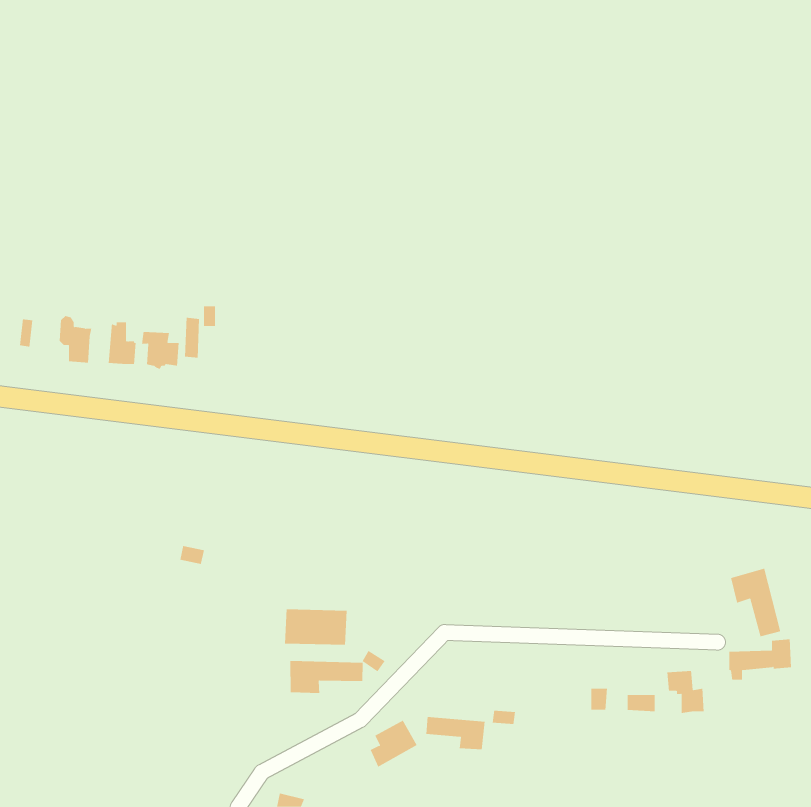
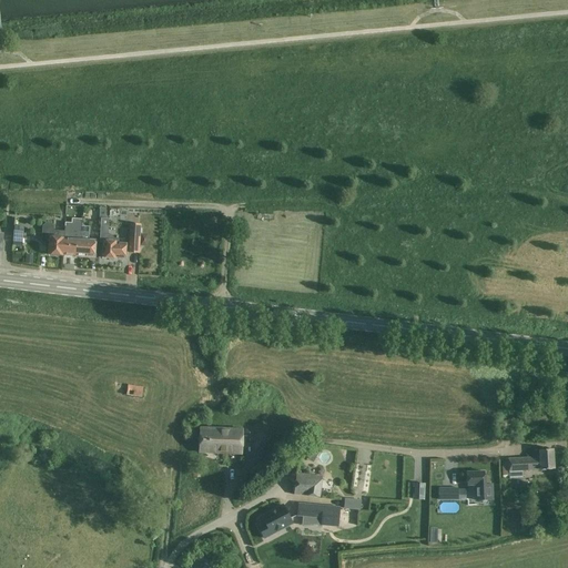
building: none -> [62,217,81,254]
building: [731,568,781,637] -> none
building: [290,660,363,694] -> none
building: none -> [294,471,322,495]

